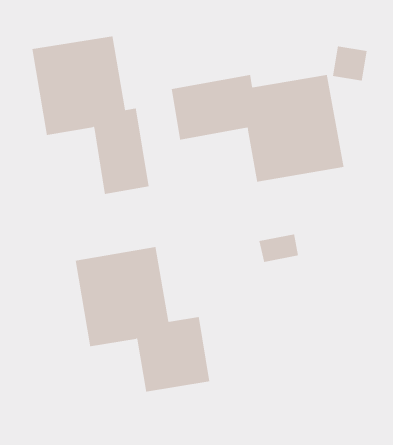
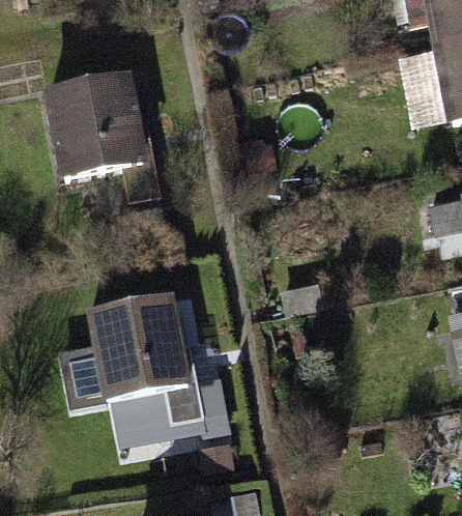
building: [171,74,344,182] -> none

